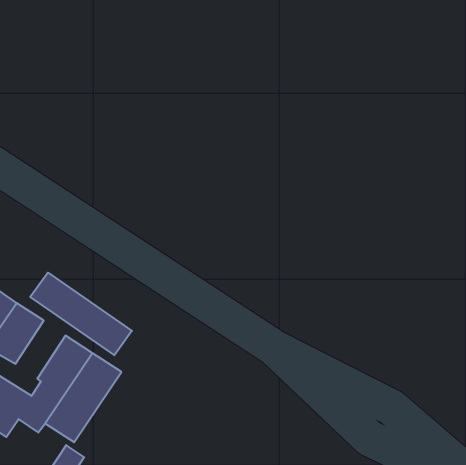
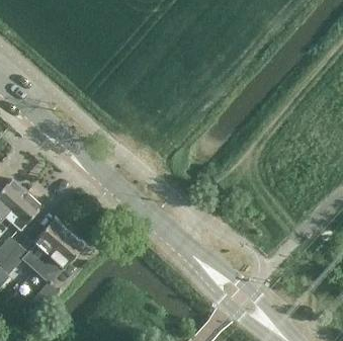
building: [30,273,132,355] -> none

